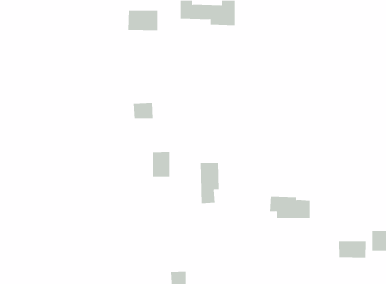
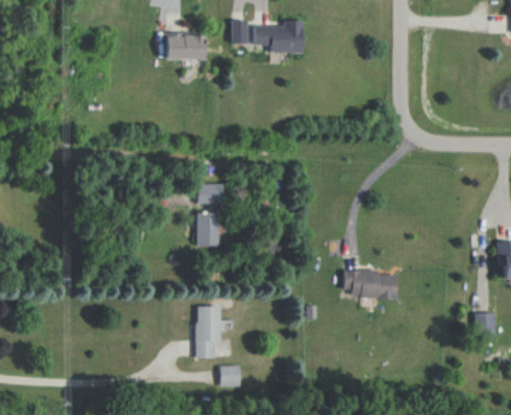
building: [133,103,154,119] -> [197,183,223,204]
building: [200,162,220,204] -> [196,306,221,358]
building: [339,241,366,259] -> none

